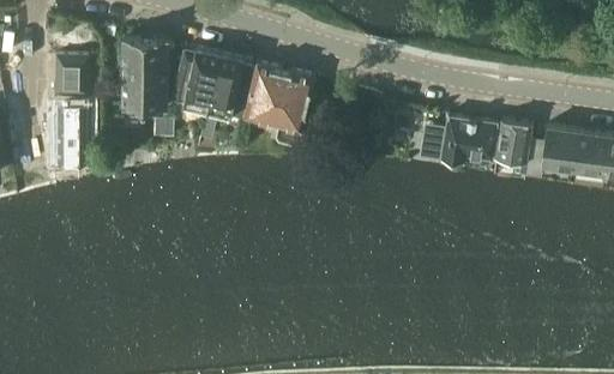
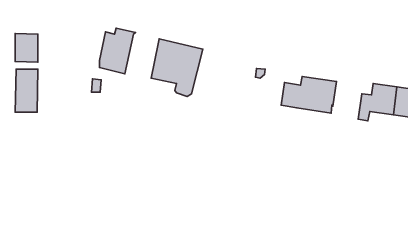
building: [122,42,167,111] -> none
building: [206,58,252,122] -> none
building: [496,121,532,176] -> none

